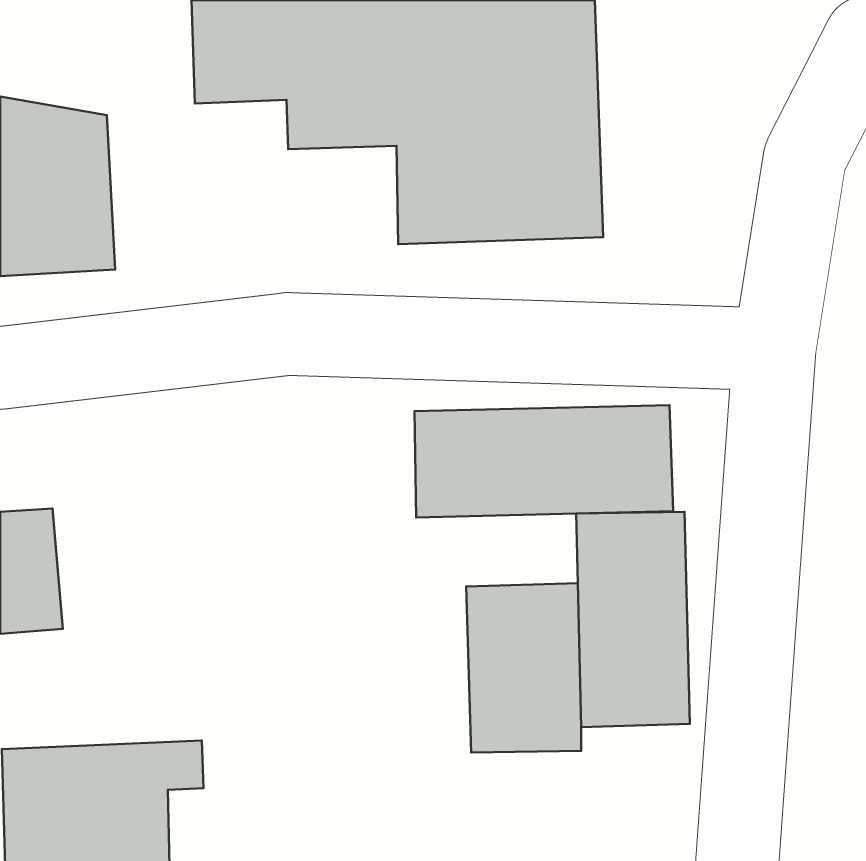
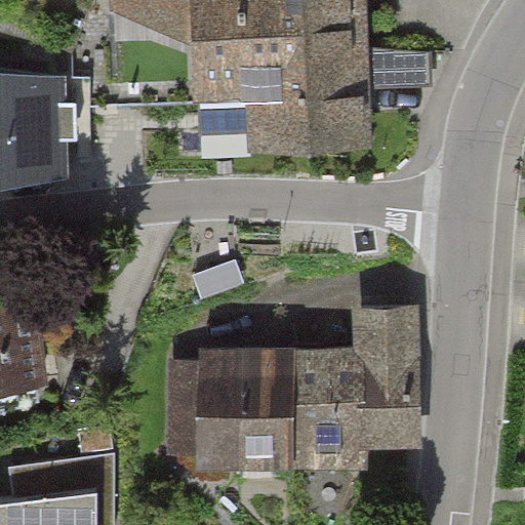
building: [414,405,673,517] -> none
building: none -> [175,358,285,460]

